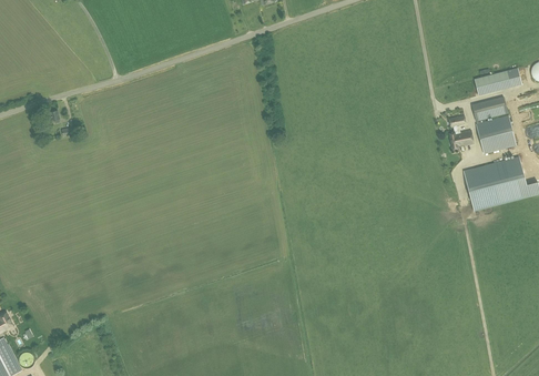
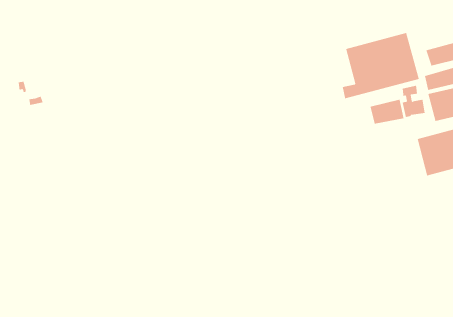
building: none -> [342,32,419,99]
building: none -> [370,99,404,125]

